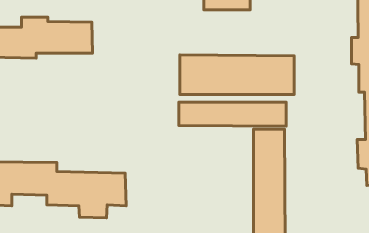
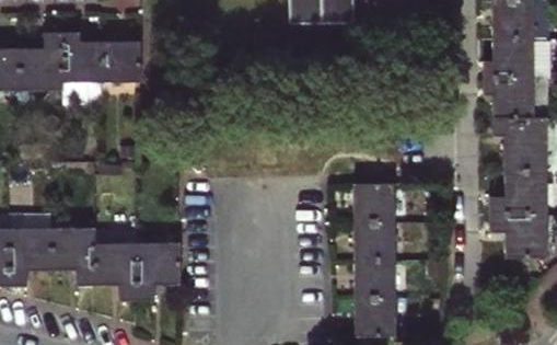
building: [180,55,294,95] -> none
building: [179,102,286,126] -> none

